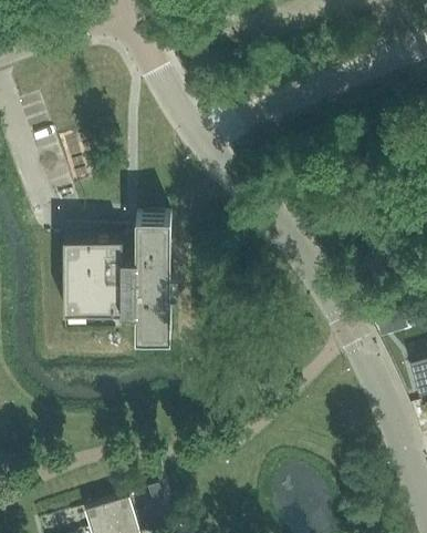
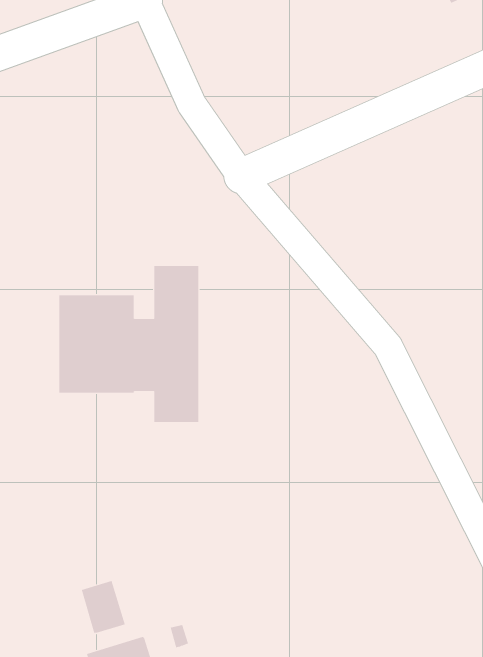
building: none -> [81,580,125,634]

